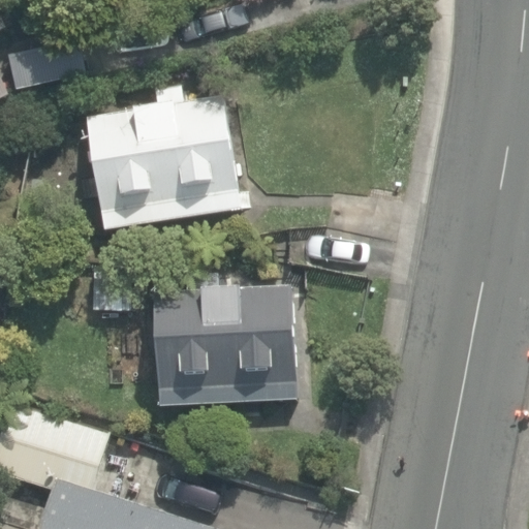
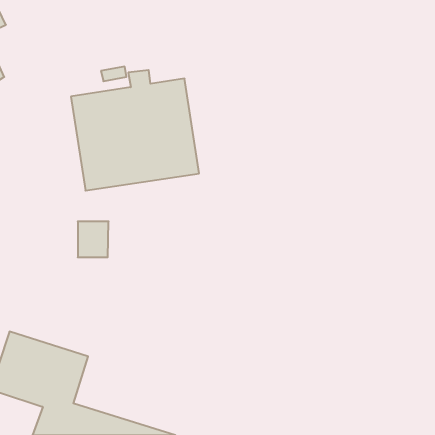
building: [153,272,294,406] -> none

